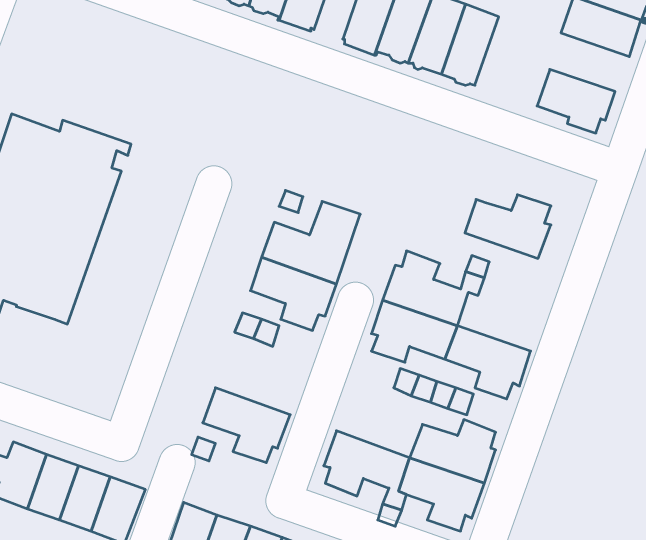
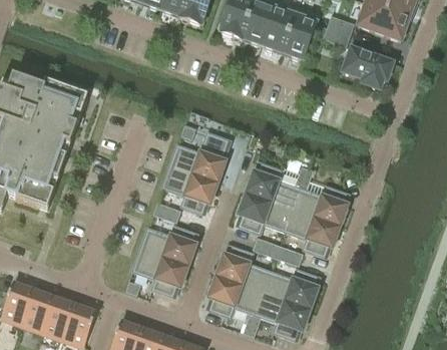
building: none -> [323,17,354,48]
building: [465,195,551,258] -> [293,187,347,227]
building: none -> [140,227,194,267]
building: none -> [216,247,271,294]

